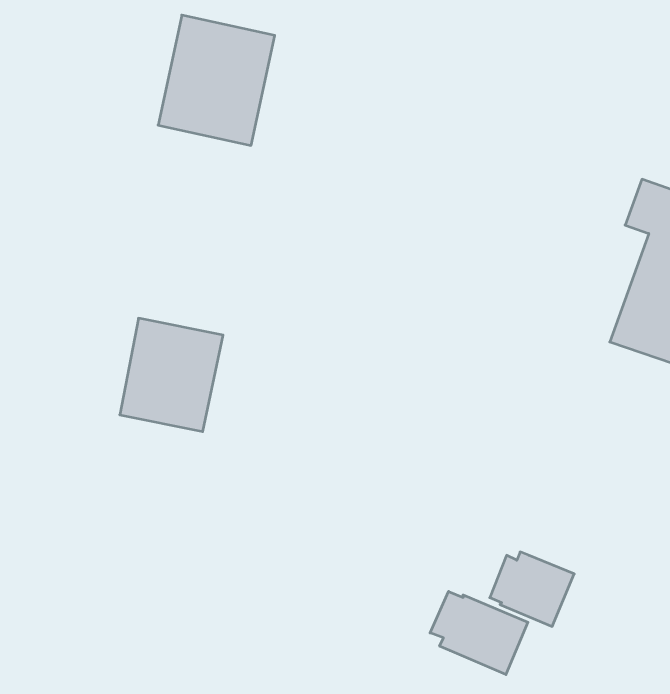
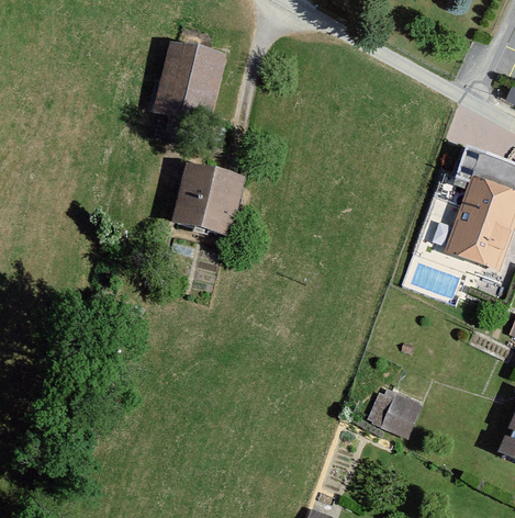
building: [120,318,223,432] -> [176,162,243,236]
building: [430,591,528,675] -> none

